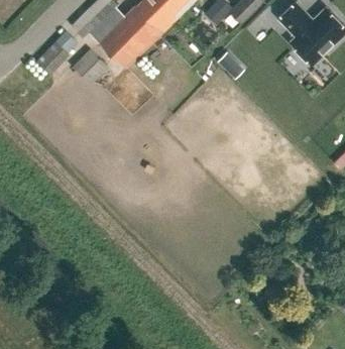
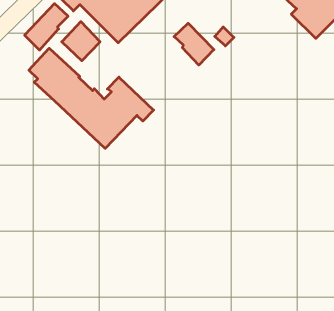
building: none -> [174,23,214,65]
building: none -> [29,48,154,148]

